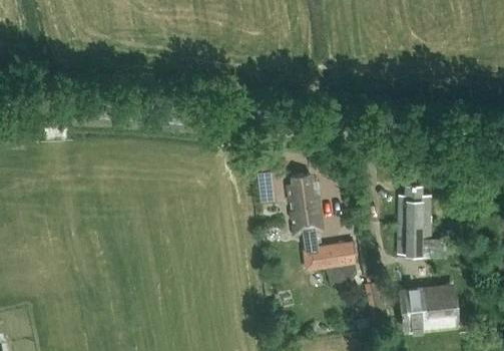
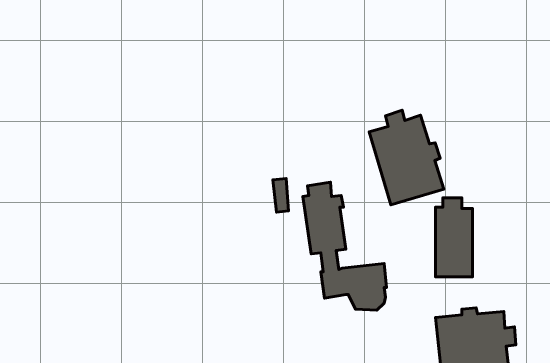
building: none -> [369,110,444,205]

